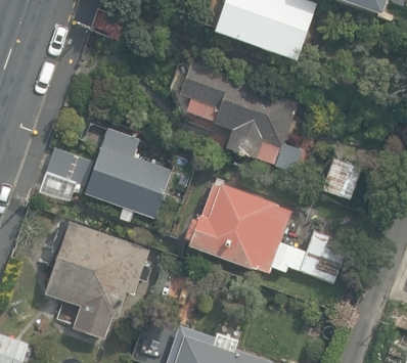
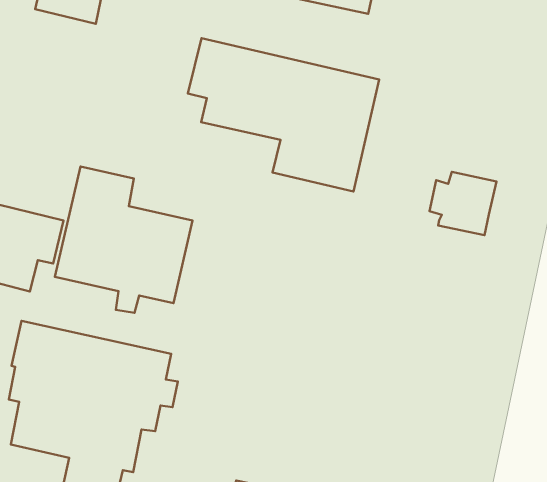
building: [186,181,348,281] -> none

